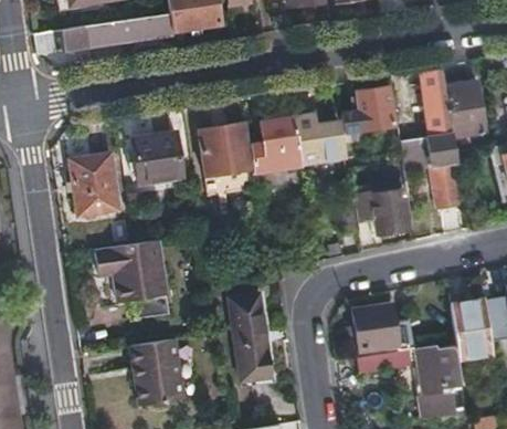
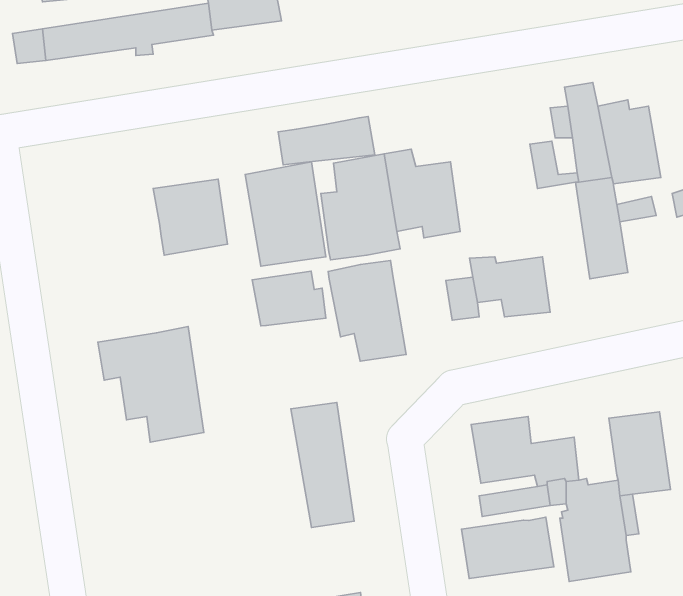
building: [339,88,394,146] -> none
building: none -> [278,117,375,165]
building: [67,156,117,218] -> none
building: none -> [328,260,406,361]
building: none -> [252,271,326,326]
building: [126,341,180,408] -> none
building: none -> [461,517,554,578]

